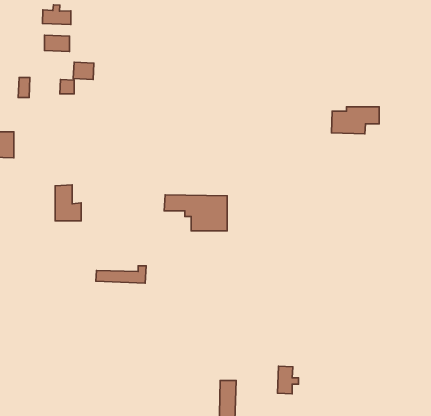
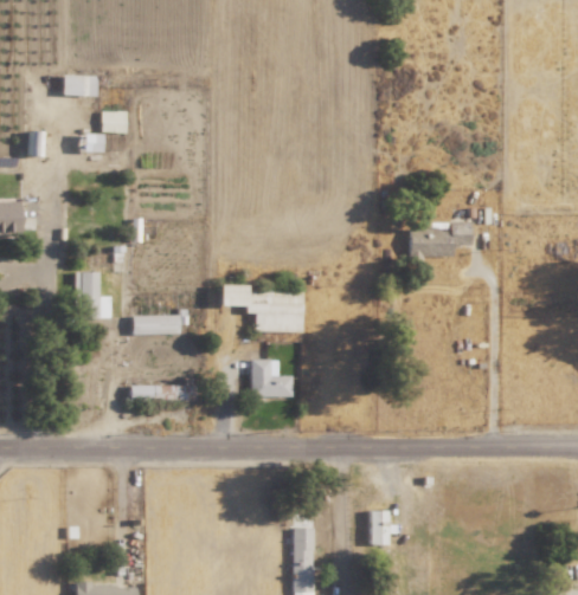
building: [43,5,71,25] -> none
building: [331,107,379,134] -> [410,224,473,259]
building: none -> [133,315,188,336]
building: none -> [251,360,293,397]

